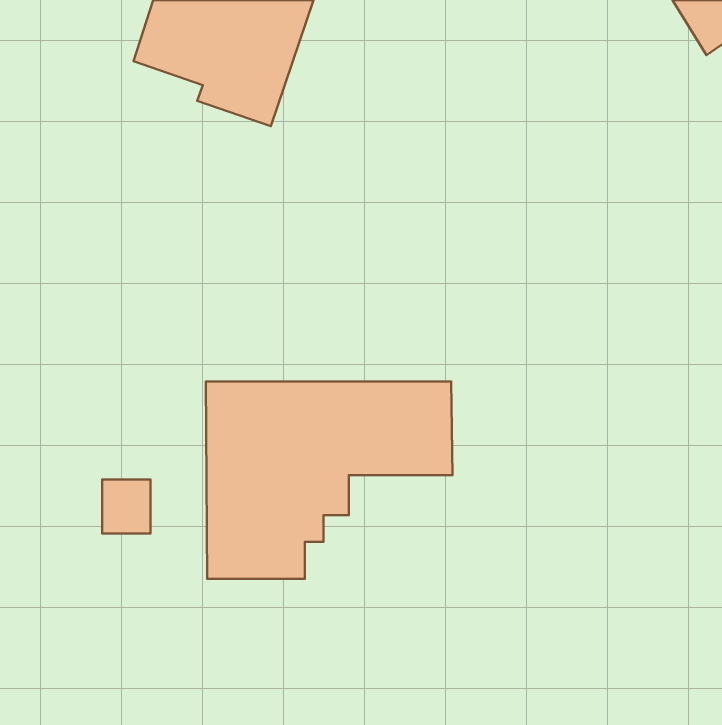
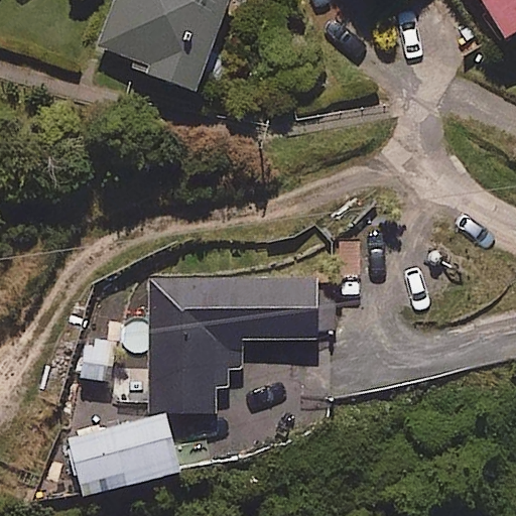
building: none -> [67,413,183,498]

